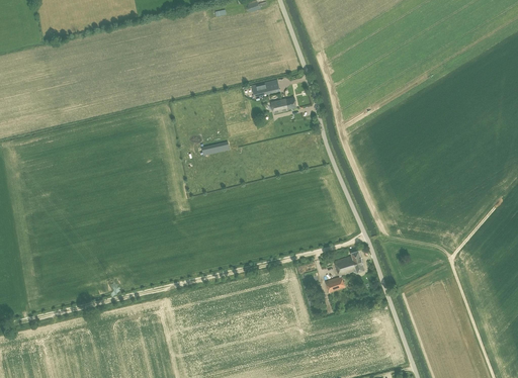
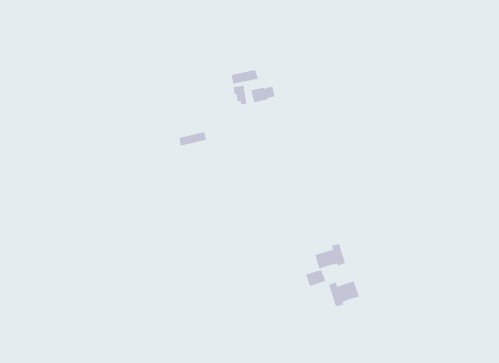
building: none -> [329,280,359,307]

